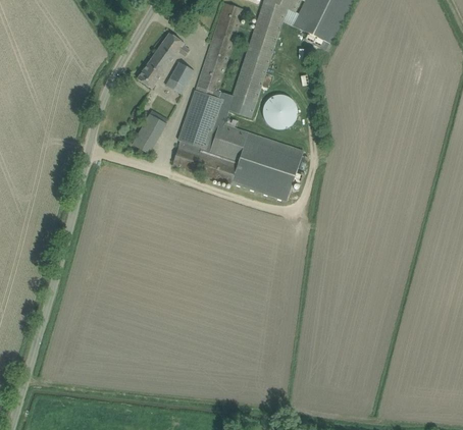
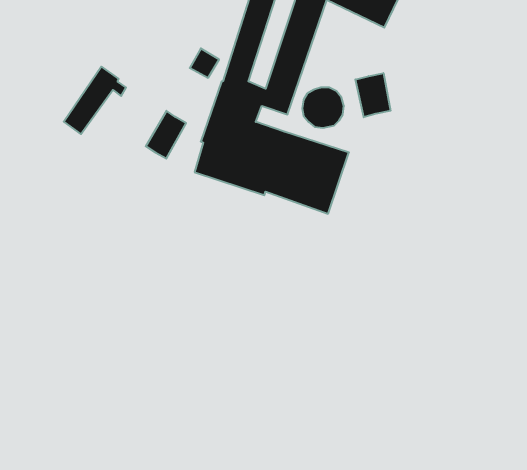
building: [137,32,189,88] -> [64,67,126,134]
building: none -> [355,73,391,117]

